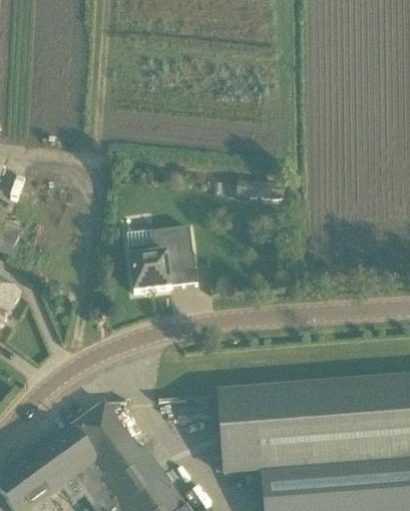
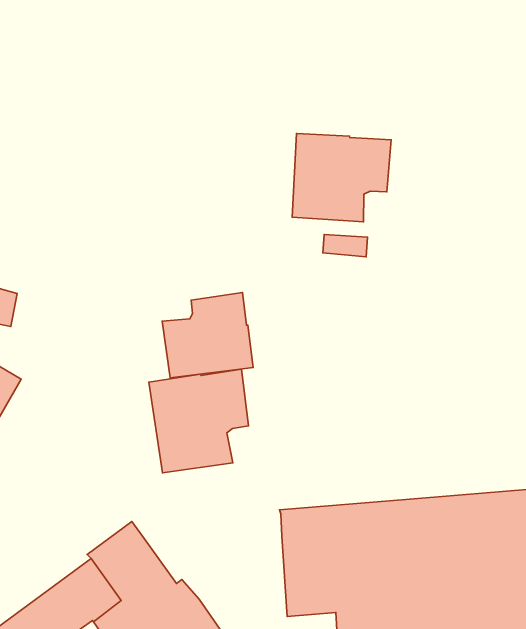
building: none -> [292,133,391,222]
building: none -> [149,369,249,473]

